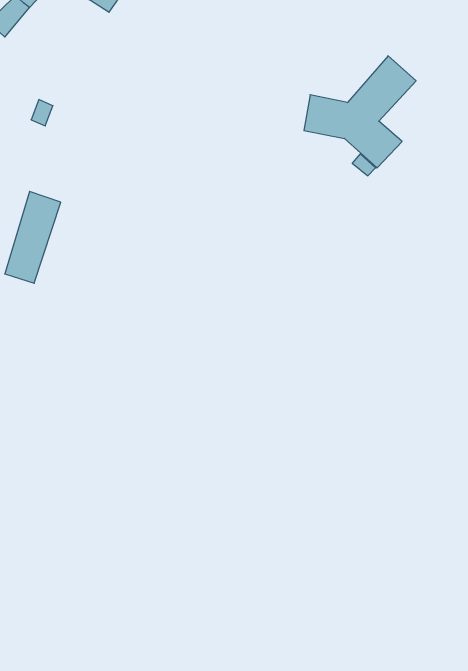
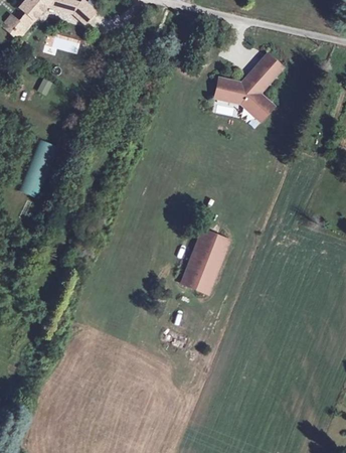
building: none -> [180,228,230,295]

